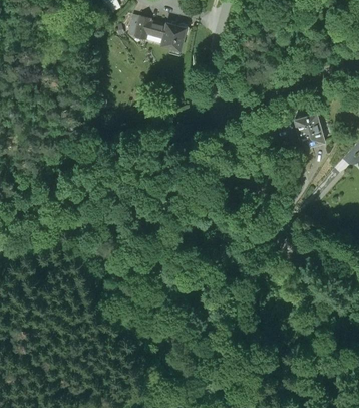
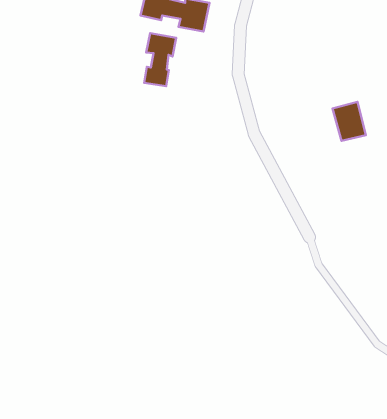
building: none -> [144,33,176,86]

